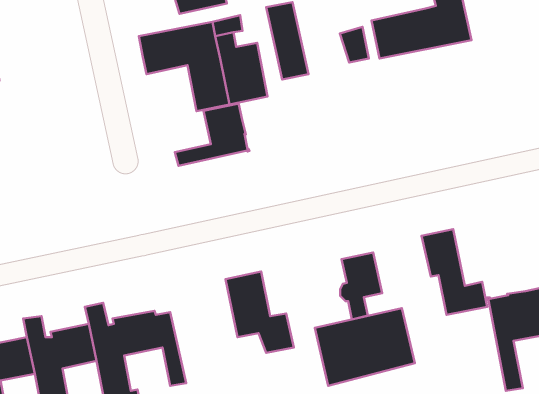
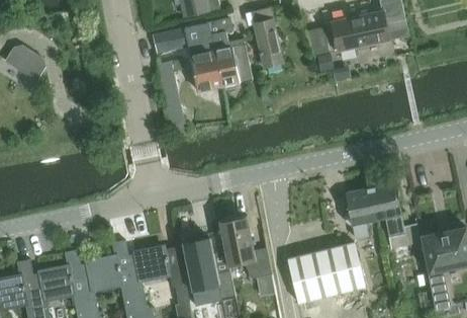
building: [175,103,249,166] -> none
building: [340,252,382,319] -> [345,188,377,240]
building: none -> [183,239,235,302]

